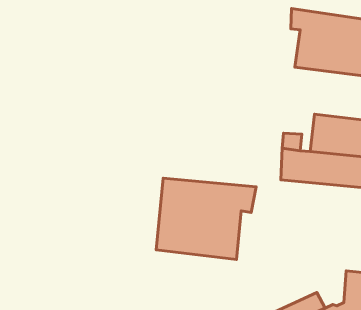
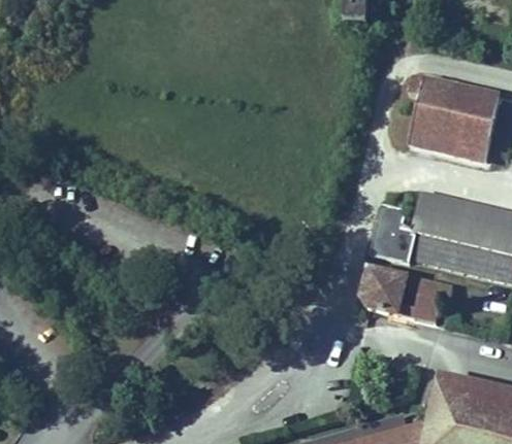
building: [156,178,256,260] -> none
building: none -> [370,270,460,322]

